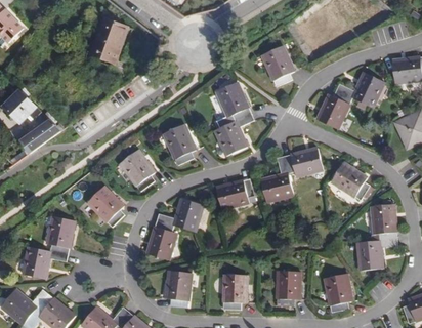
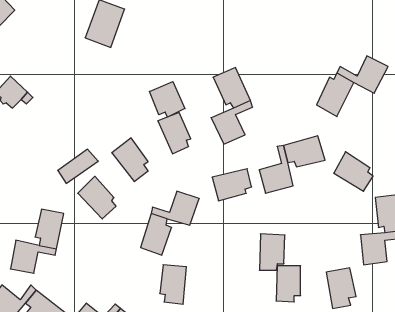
building: [261,45,293,86] -> none
building: none -> [149,82,185,117]
building: [23,118,61,151] -> [58,149,98,183]
building: [221,275,246,310] -> [259,234,285,270]

